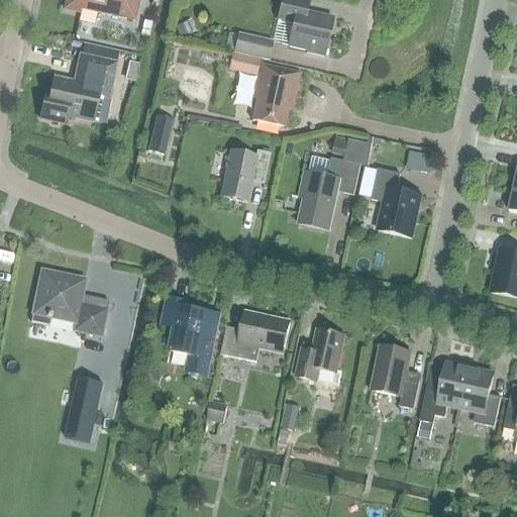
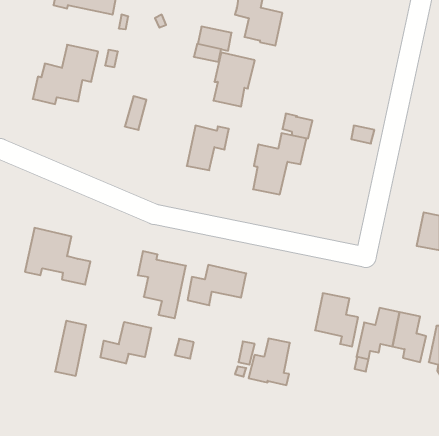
building: [359,166,421,236] -> none
building: [295,328,343,383] -> [249,339,290,385]
building: none -> [100,322,151,364]

